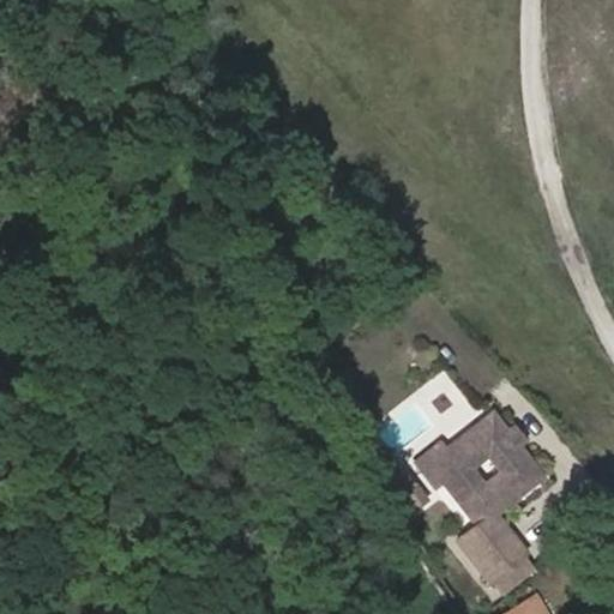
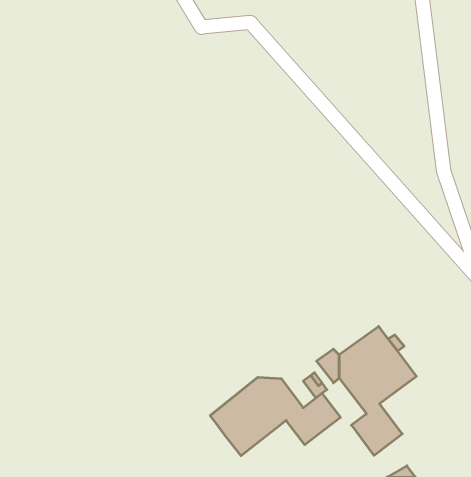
building: none -> [210,377,340,456]

